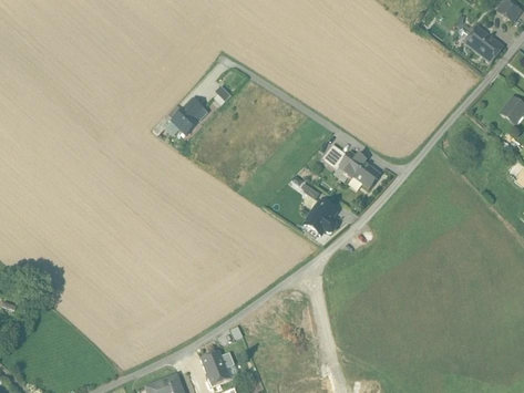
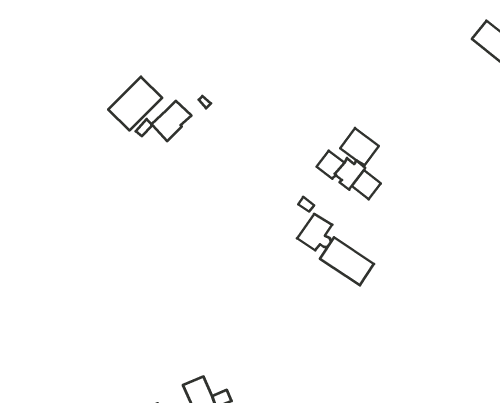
building: none -> [108,77,162,130]
building: none -> [340,128,379,165]
building: none -> [320,237,374,285]

